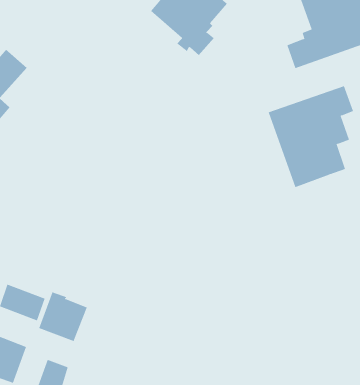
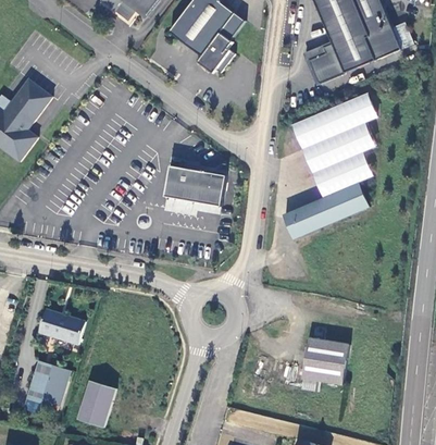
building: none -> [163,159,224,206]
building: none -> [282,182,366,238]
building: [38,292,87,342] -> none
building: none -> [301,337,346,384]

